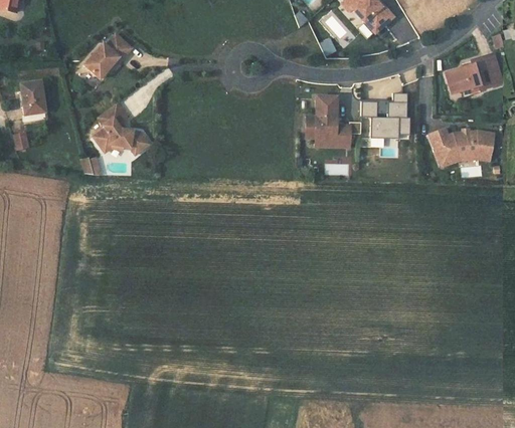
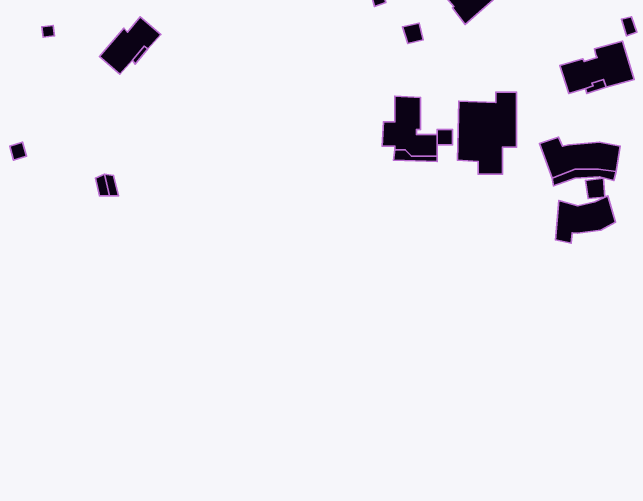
building: [19,80,44,114] -> none
building: [92,102,145,154] -> none
building: none -> [555,196,616,243]

